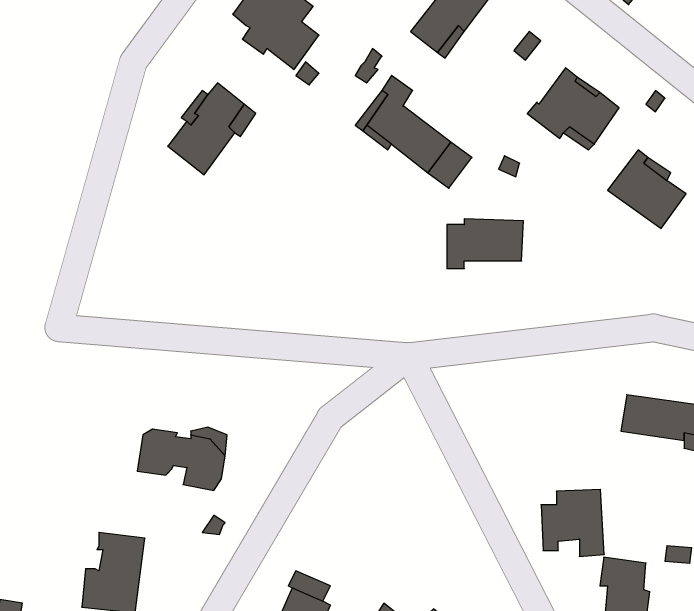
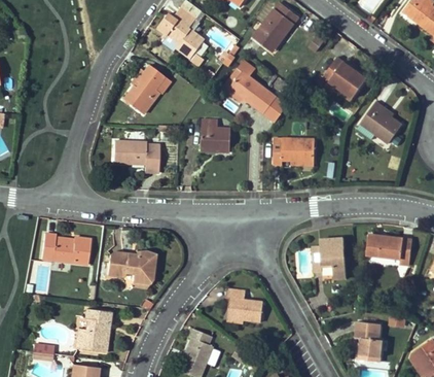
building: none -> [202,121,231,153]
building: none -> [113,141,160,173]
building: none -> [43,234,92,265]
building: [541,489,604,556] -> [313,239,347,275]
building: none -> [226,288,264,321]

